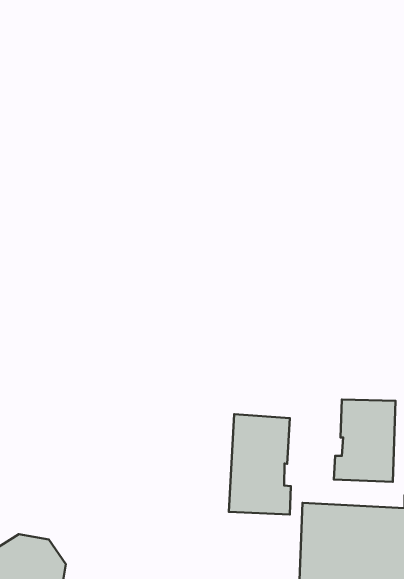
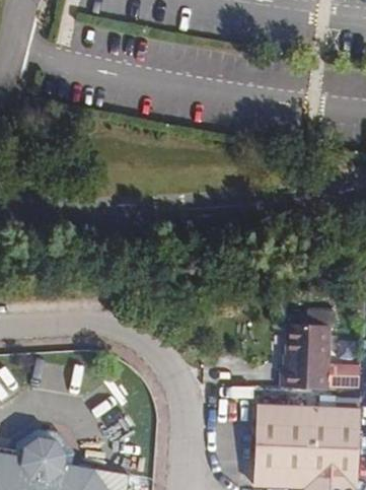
building: [229,414,291,515] -> none

